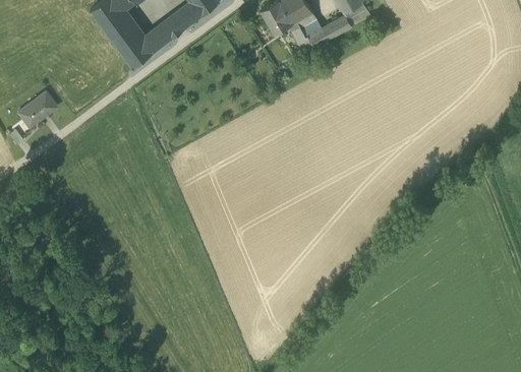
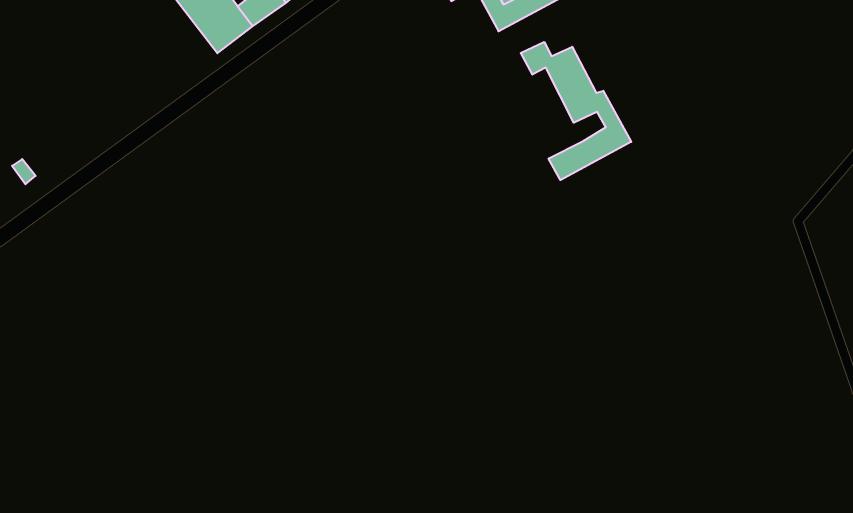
building: none -> [521,42,631,180]
building: [18,92,57,126] -> none

